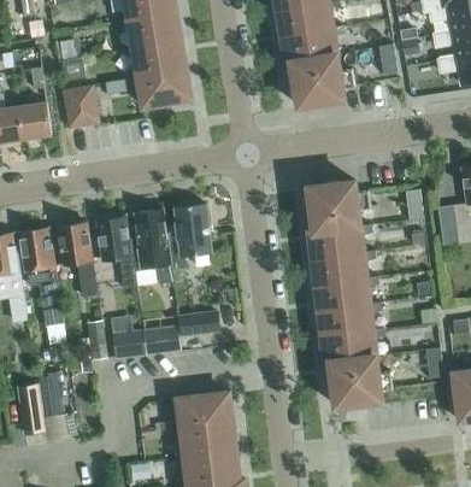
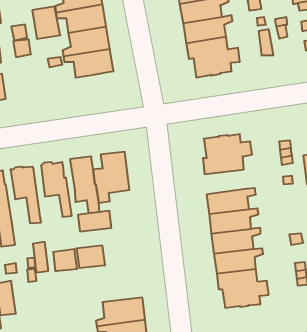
building: [63,86,99,128] -> [32,6,60,39]
building: [308,225,372,259] -> none
building: [177,310,220,336] -> [78,211,111,231]

